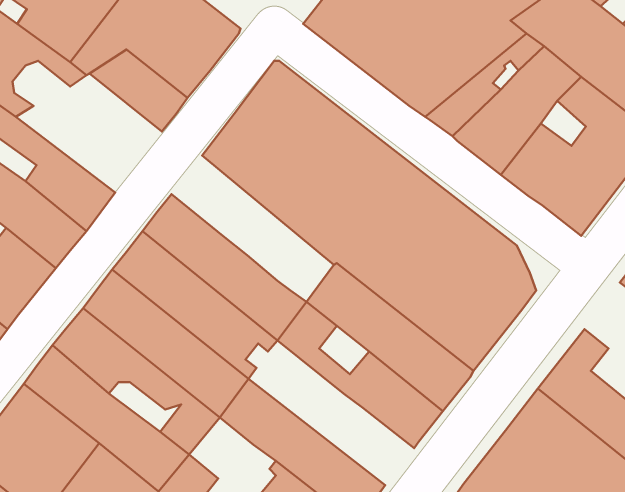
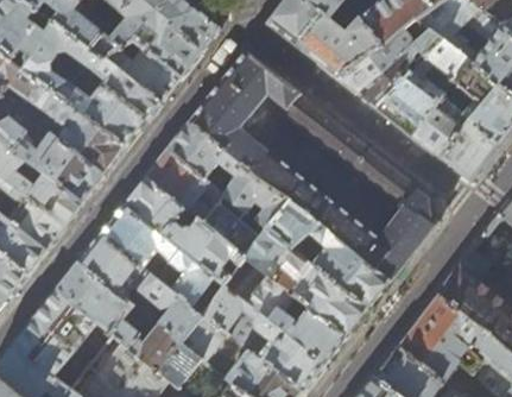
building: none -> [51,59,159,147]
building: none -> [166,120,286,228]
building: none -> [223,257,346,364]
building: none -> [179,314,227,361]

